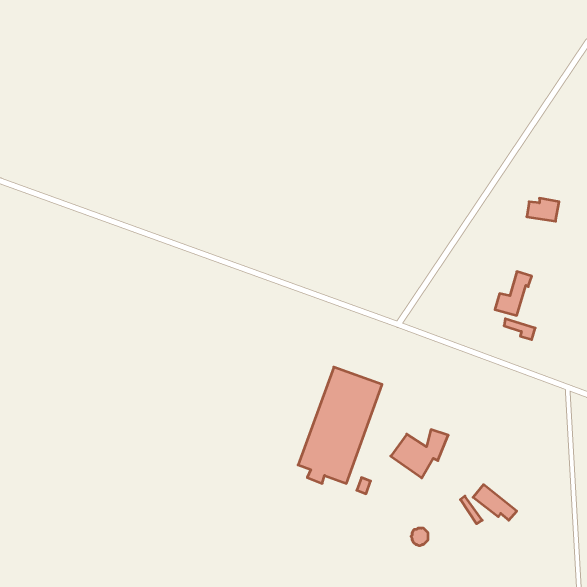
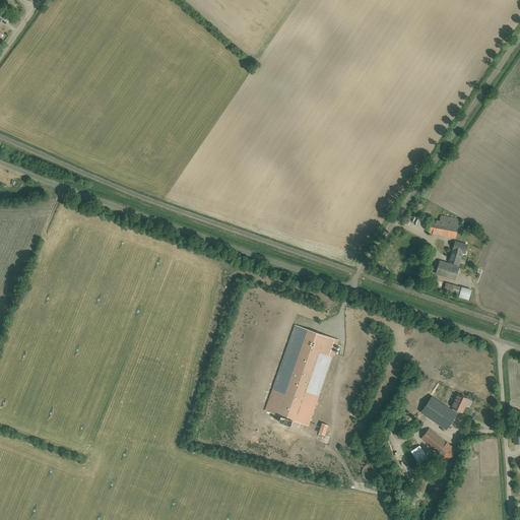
building: [527,198,559,221] -> [428,217,456,238]
building: [391,430,448,478] -> [418,389,469,432]

